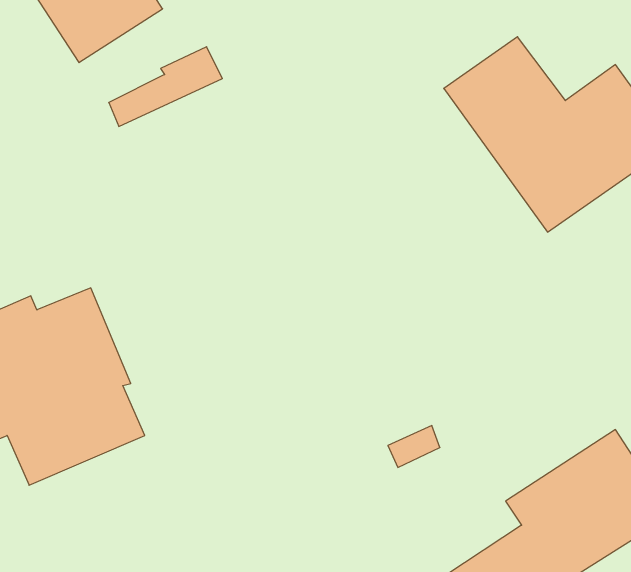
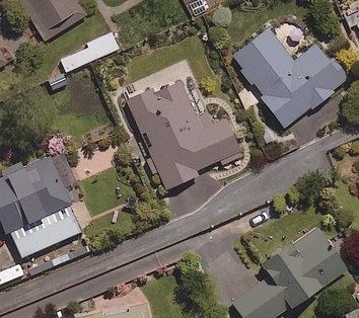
building: none -> [126,80,242,188]

